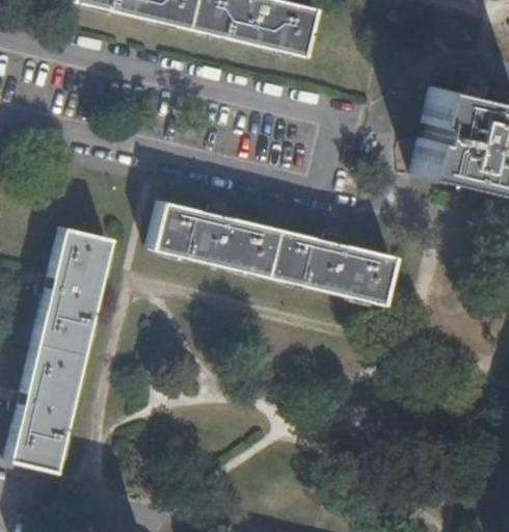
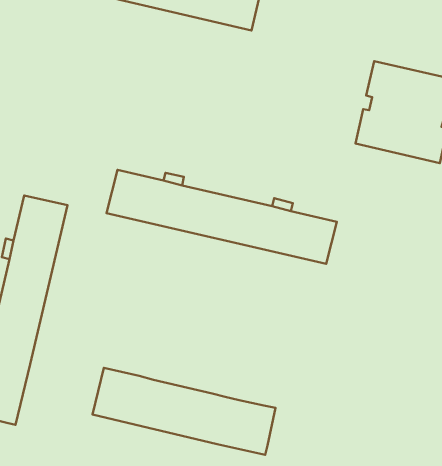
building: none -> [92,368,276,455]

